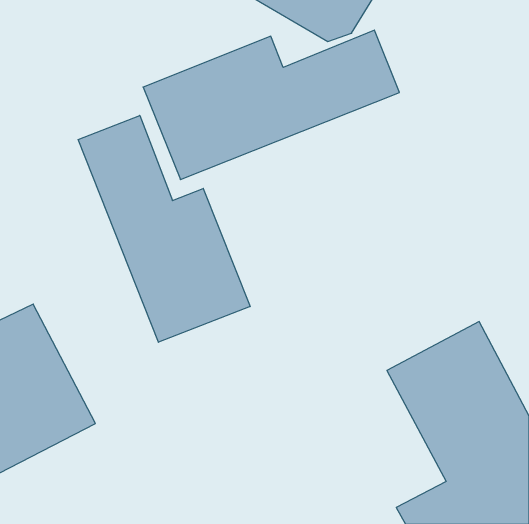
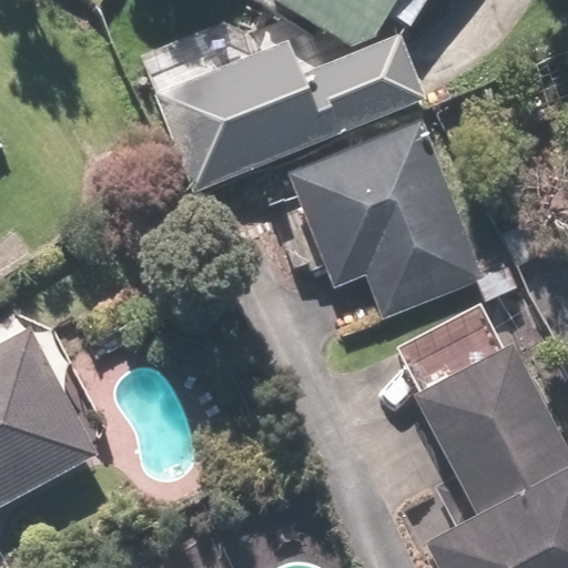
building: none -> [285,116,484,314]
building: [78,115,250,342] -> none

